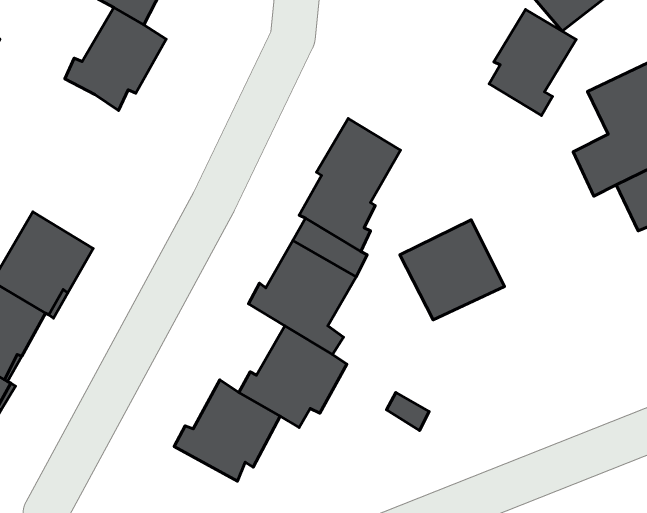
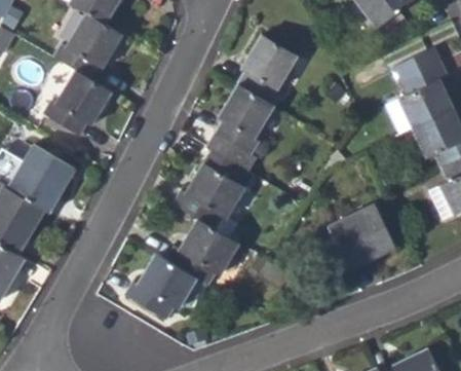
building: [489,9,576,116] -> [239,35,296,104]
building: none -> [43,68,110,136]
building: [400,220,504,320] -> [328,202,395,267]

